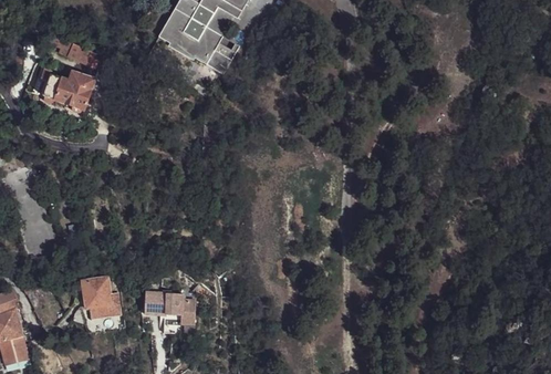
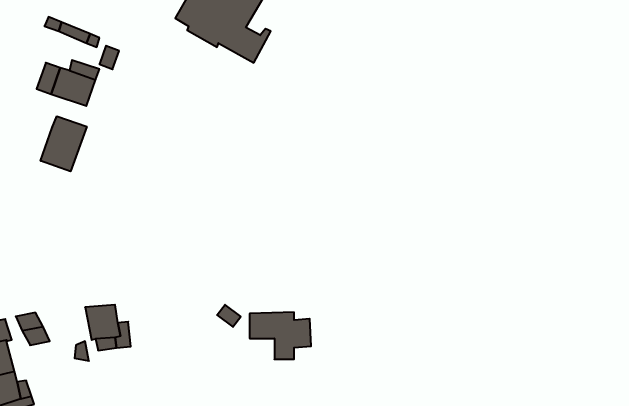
building: none -> [41,116,87,171]
building: [145,290,197,330] -> [250,312,311,359]

